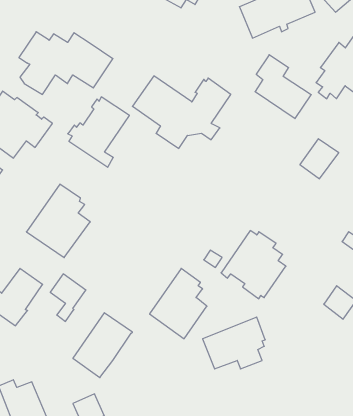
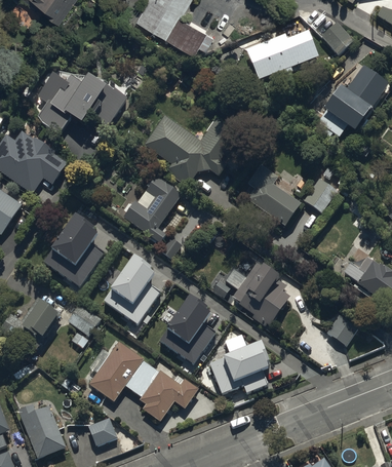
building: [255,55,311,119] -> [247,164,301,225]
building: [68,97,129,167] -> [123,176,182,242]
building: none -> [104,258,161,325]
building: none -> [126,359,198,421]

